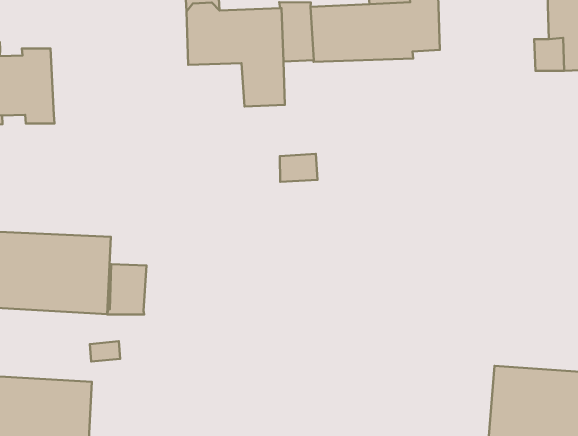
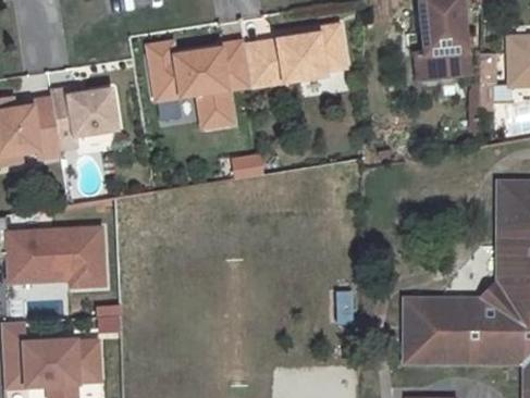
building: none -> [45,84,111,144]
building: [107,264,146,314] -> none

